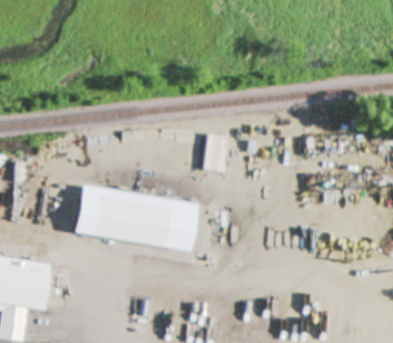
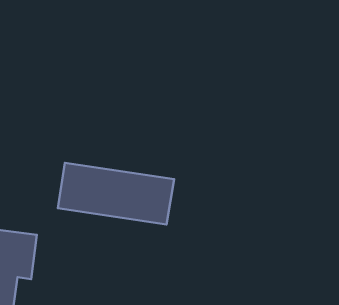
building: [205,134,232,170] -> none

